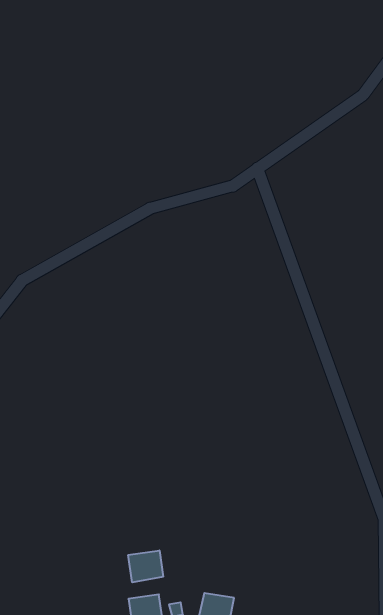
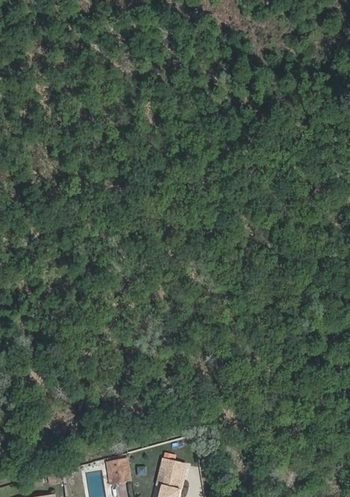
building: [128,550,163,582] -> none

